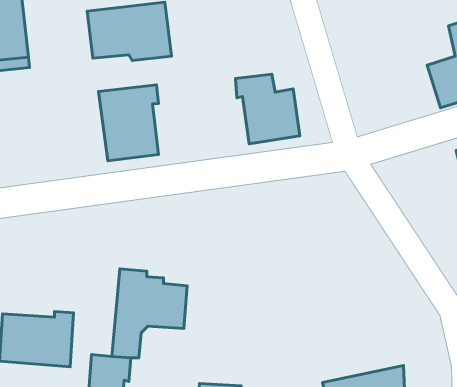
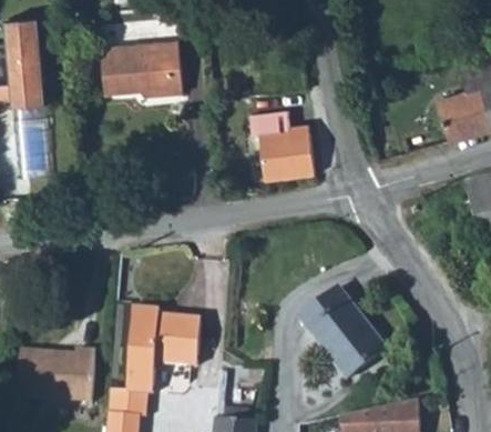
building: [99,85,159,161] -> none
building: none -> [299,288,380,378]

